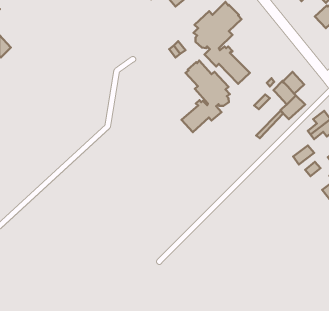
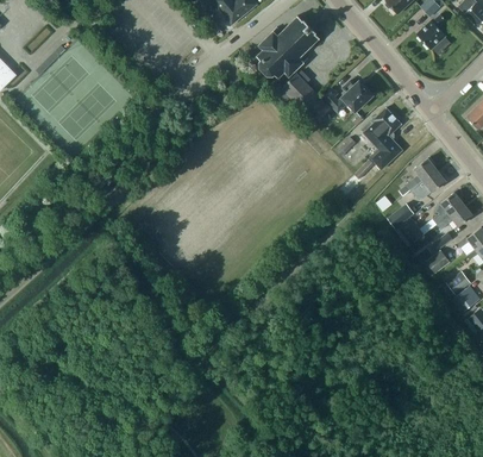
building: none -> [321,80,371,113]
building: [181,60,230,132] -> none

